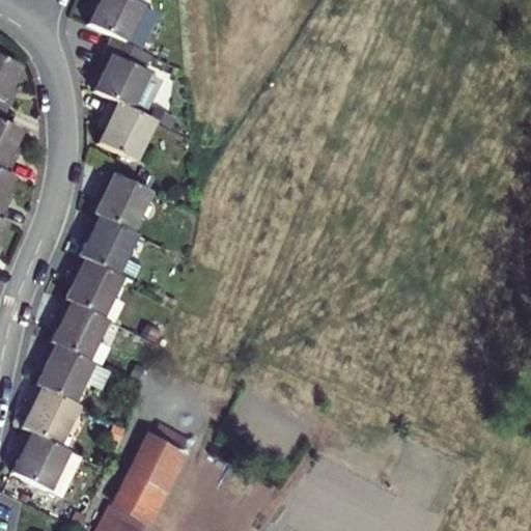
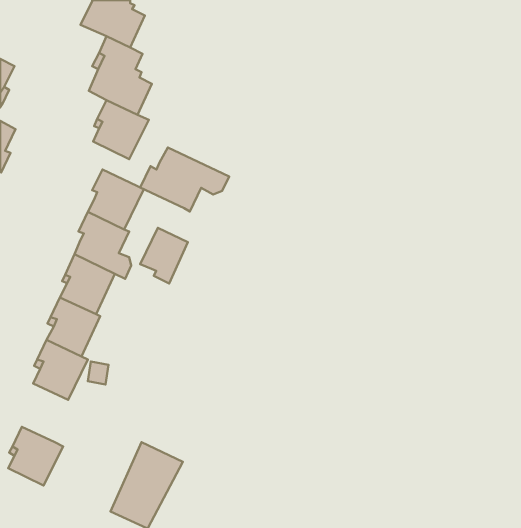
building: none -> [140,147,229,212]
building: none -> [140,228,188,283]
building: [25,385,81,444] -> none

